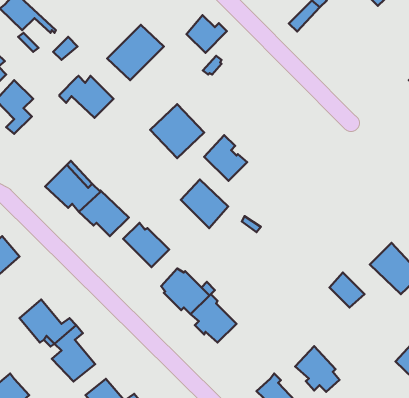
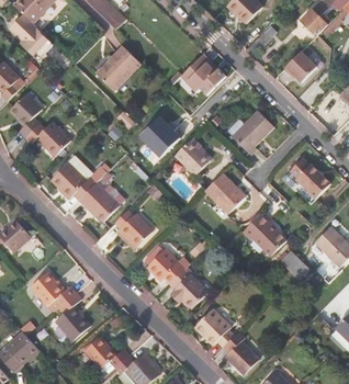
building: [186,15,227,53] -> [196,64,229,94]
building: none -> [288,49,319,80]
building: [59,76,113,118] -> [24,122,68,156]
building: none -> [235,110,278,156]
building: none -> [294,159,331,199]
building: [181,180,228,228] -> [207,174,246,214]
building: none -> [245,213,288,256]
building: [295,346,340,392] -> [196,309,233,347]

